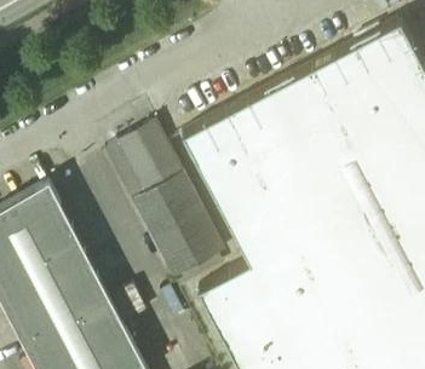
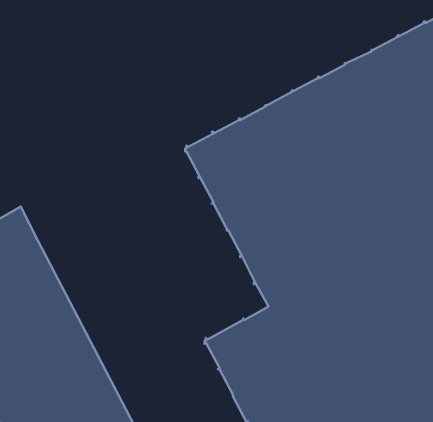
building: [105,123,224,283] -> none

